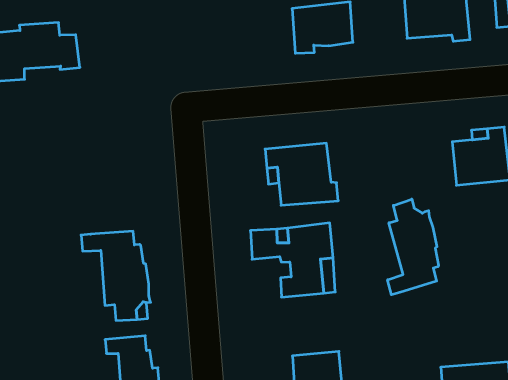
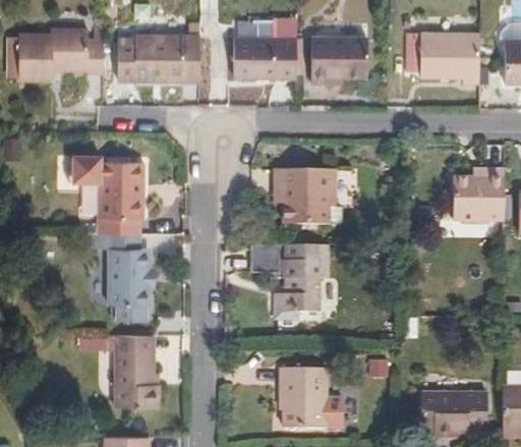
building: none -> [232,36,296,76]
building: none -> [119,33,199,80]
building: none -> [69,156,146,234]
building: [388,199,439,295] -> none

